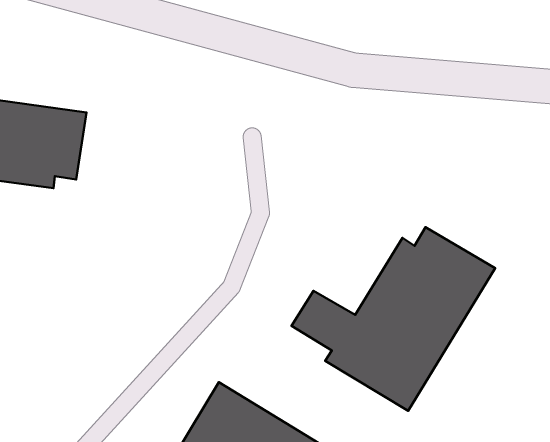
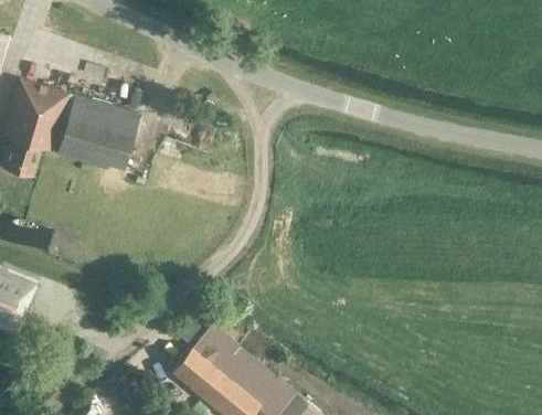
building: [291,227,495,411] -> none

